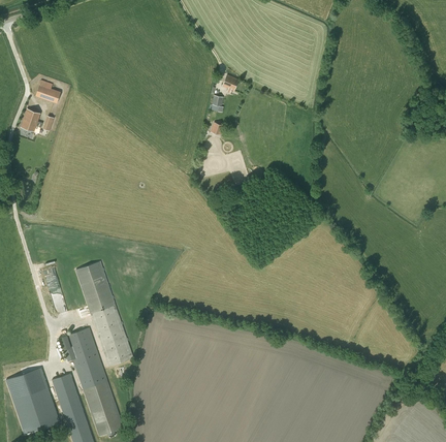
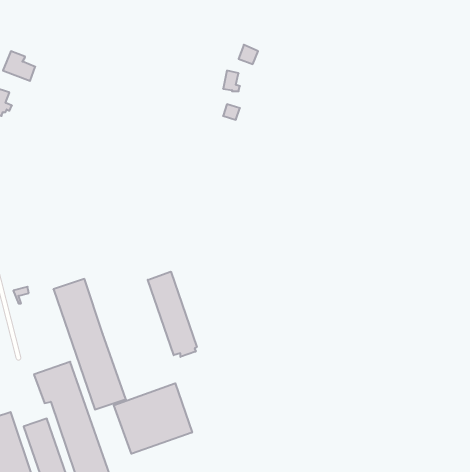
building: none -> [148,272,197,357]
building: none -> [114,383,192,454]

